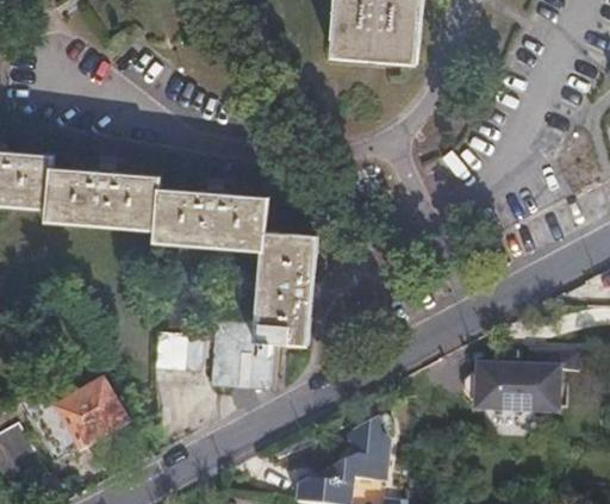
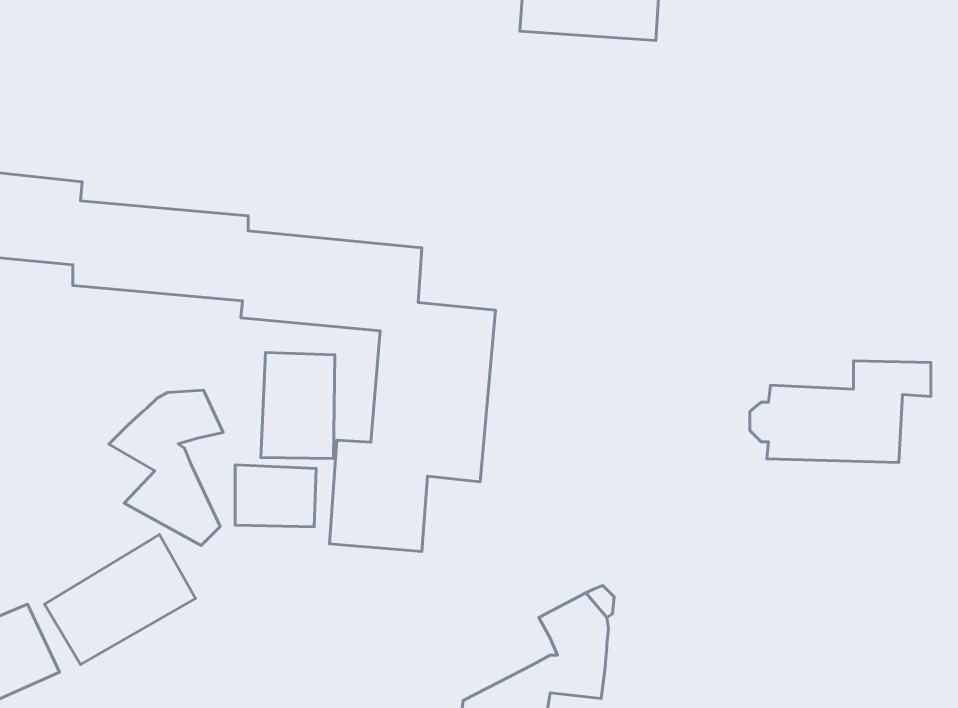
building: none -> [261,353,335,458]
building: none -> [109,390,223,545]
building: [463,348,578,412] -> [750,361,931,463]

